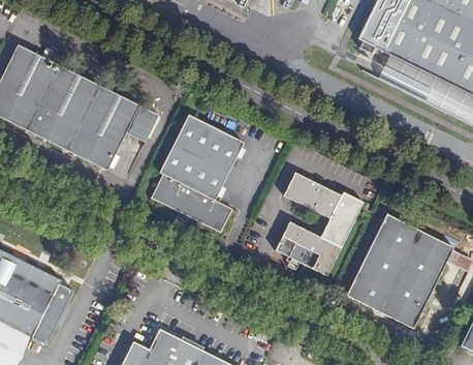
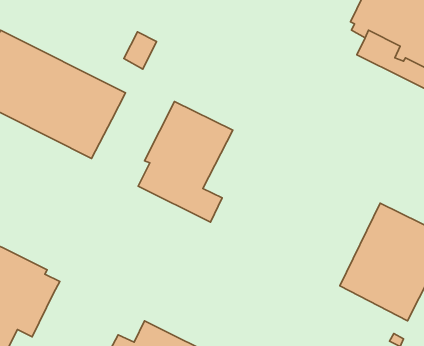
building: [126,107,158,143] -> [124,32,157,69]
building: [272,174,359,275] -> none

